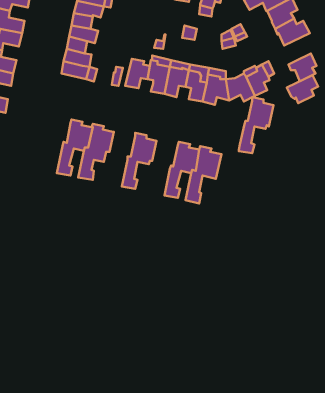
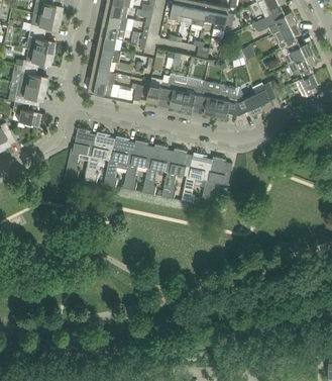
building: [287,75,318,103] -> [289,55,317,80]
building: [239,97,273,153] -> [161,149,193,199]
building: none -> [65,128,96,179]
building: none -> [123,140,154,191]

